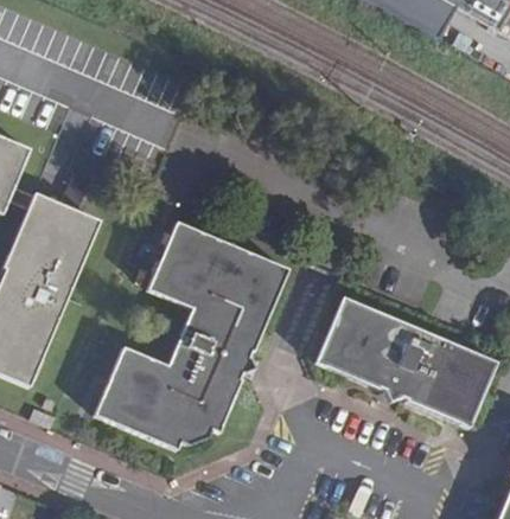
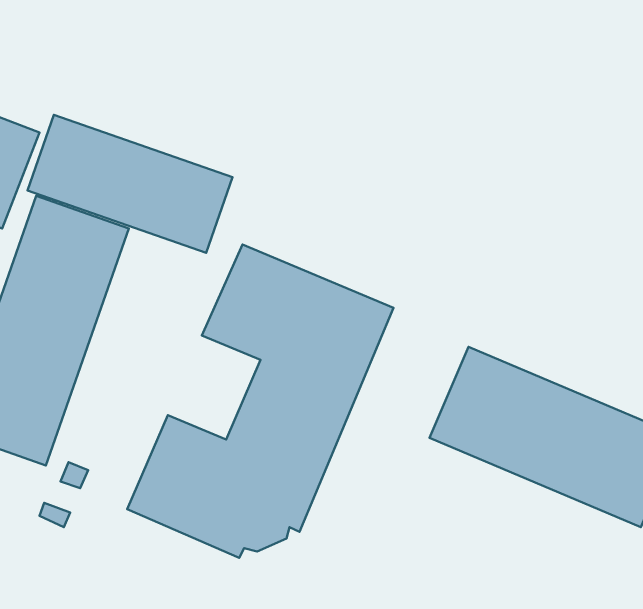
building: none -> [28,115,232,253]

